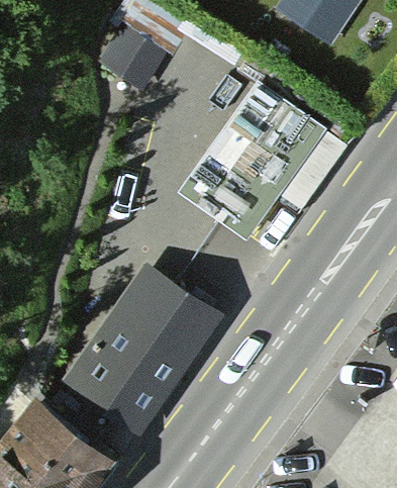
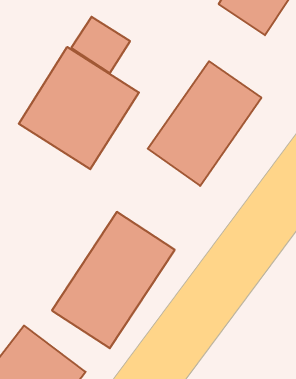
building: none -> [19,47,139,169]

